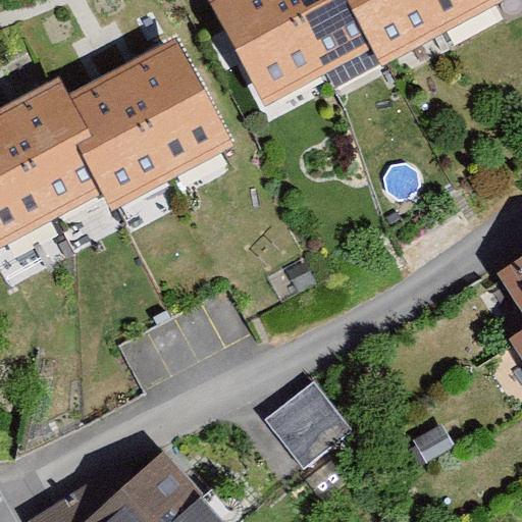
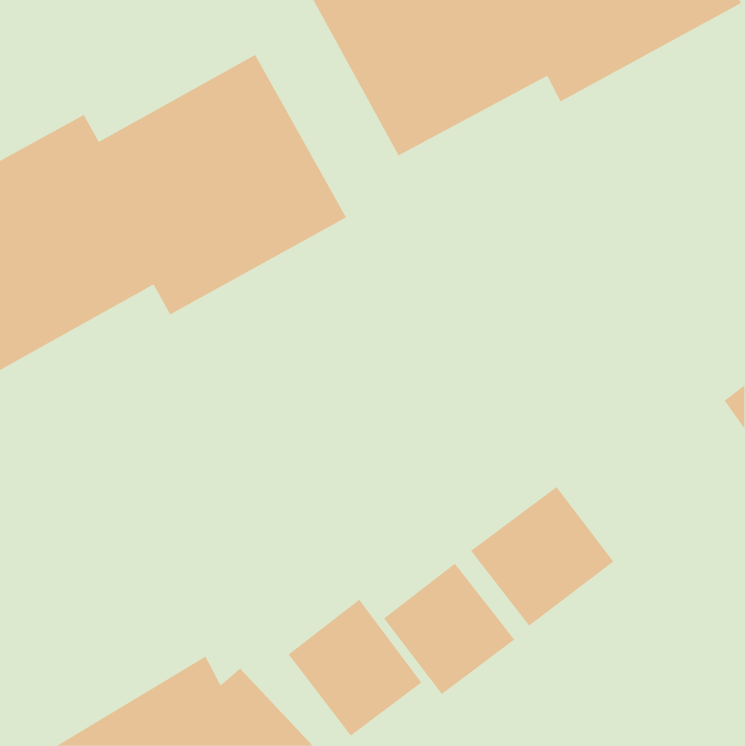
building: none -> [470,486,614,627]
building: none -> [288,599,422,737]

